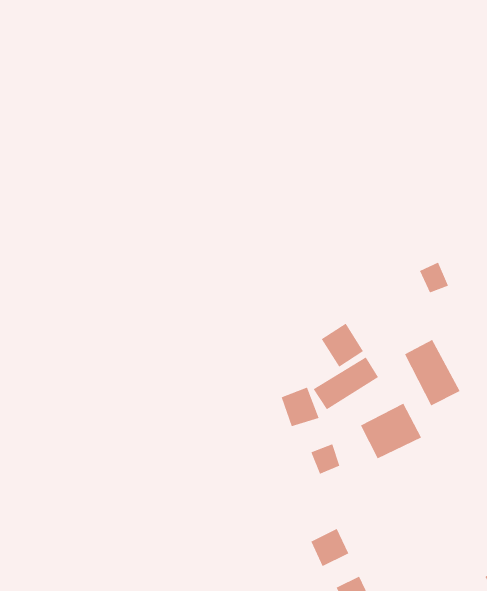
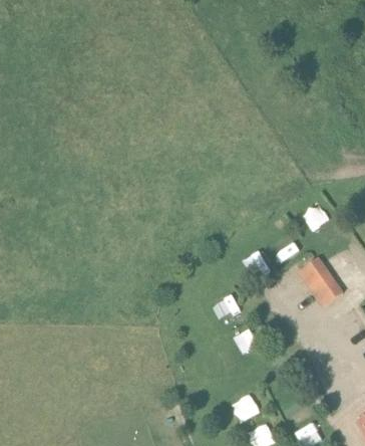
building: [313,357,379,410] -> none
building: [360,403,422,459] -> none

